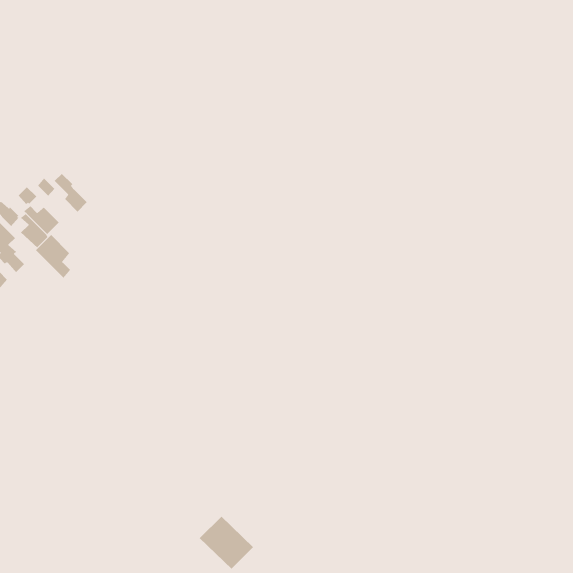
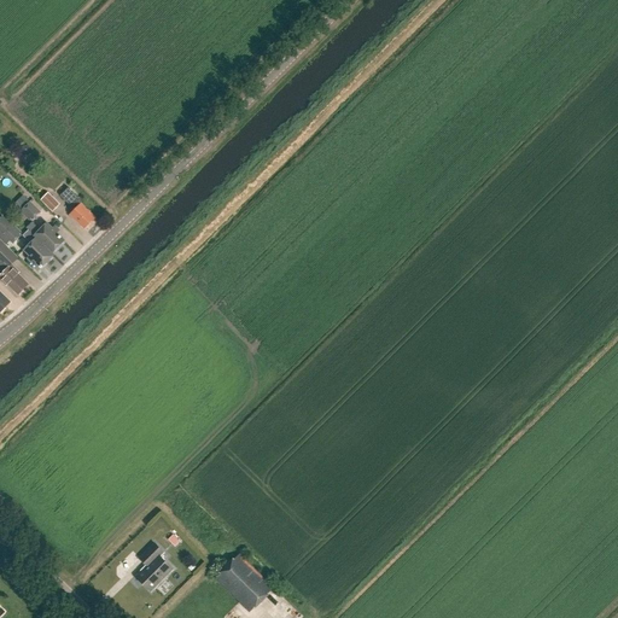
building: [35,234,71,279] -> none
building: none -> [134,542,171,593]

